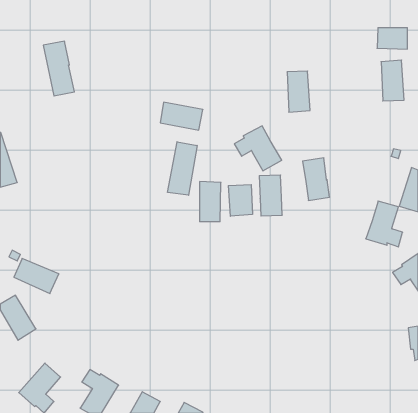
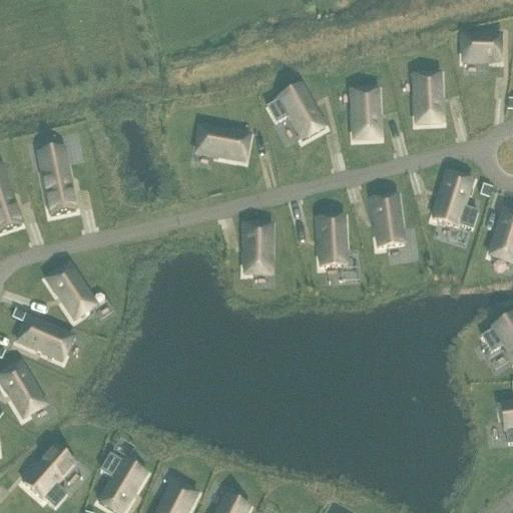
building: [43,41,74,96] -> [37,146,75,213]
building: [381,60,404,101] -> [414,71,442,121]
building: [234,126,282,171] -> [267,83,325,138]
building: [168,142,197,195] -> none
building: [228,185,252,216] -> none
building: [366,201,403,247] -> [432,170,477,226]
building: none -> [46,264,95,318]

